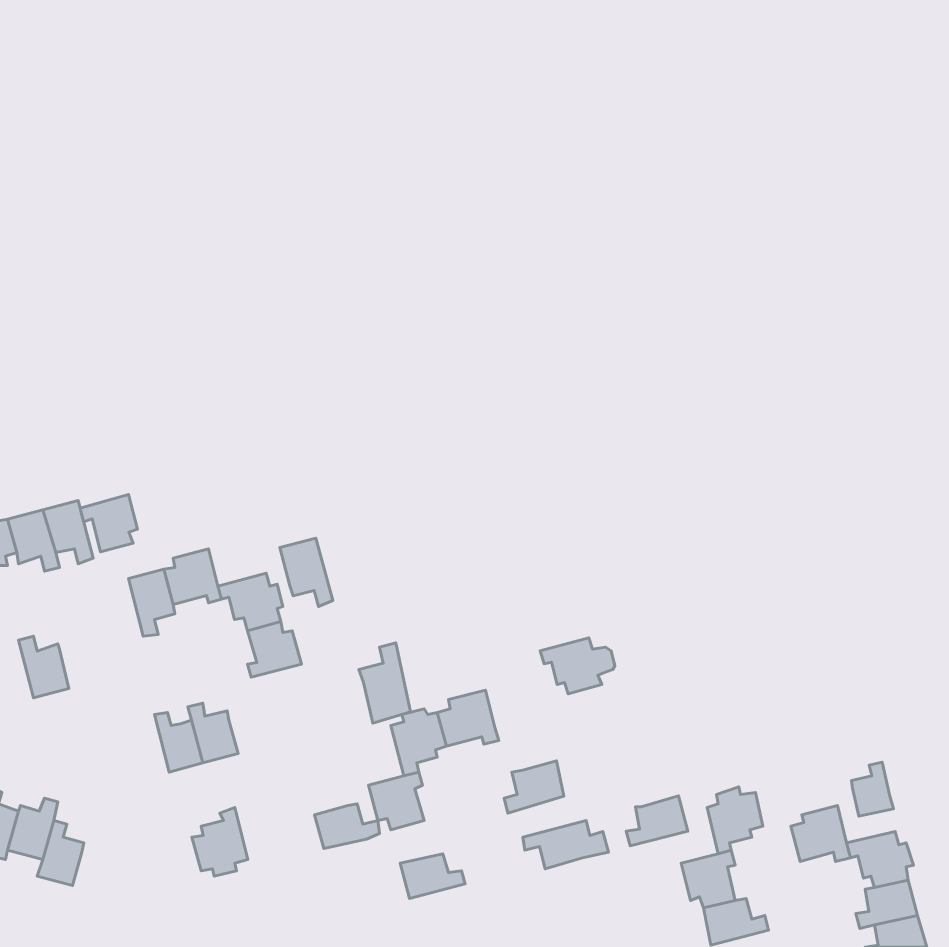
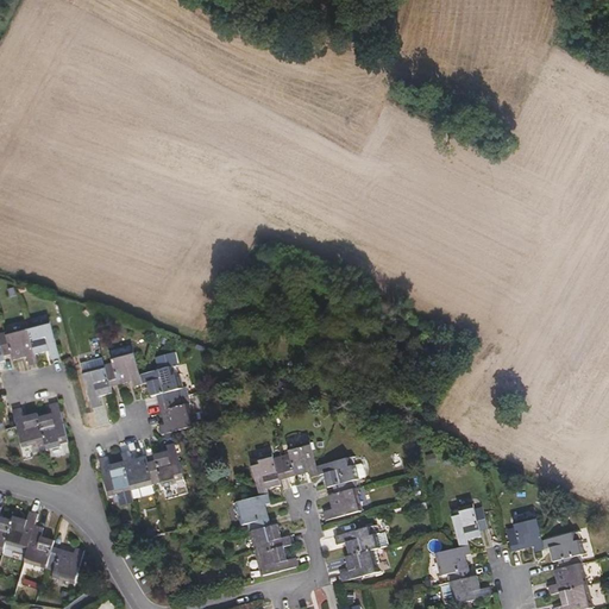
building: [80,495,138,552] -> none
building: [280,538,333,606] -> none
building: none -> [38,401,67,447]
building: [540,638,615,694] -> [316,457,364,492]
building: [359,643,411,723] -> none
building: [852,762,894,816] -> none
building: [626,796,688,846] -> [339,548,378,580]
building: [314,804,380,848] -> [250,523,291,552]
building: [192,807,248,876] -> [146,441,182,485]
building: none -> [46,545,84,579]

